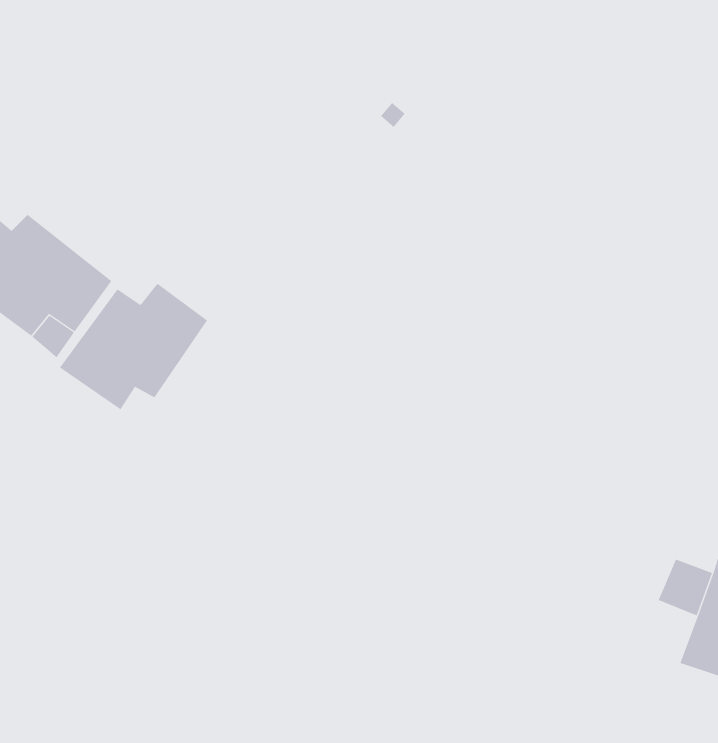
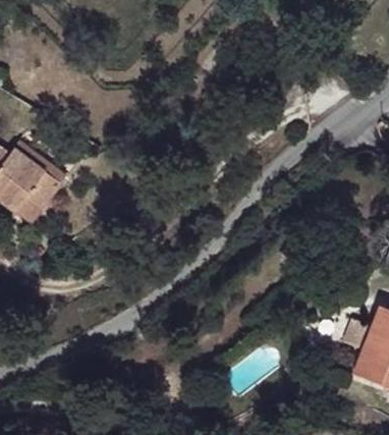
building: [59,283,208,410] -> none

